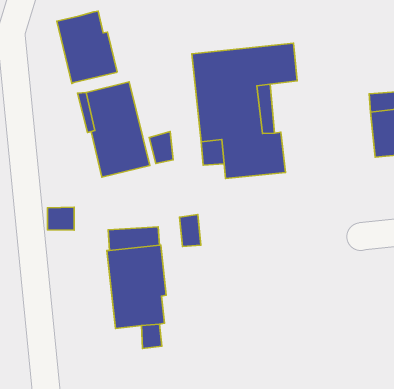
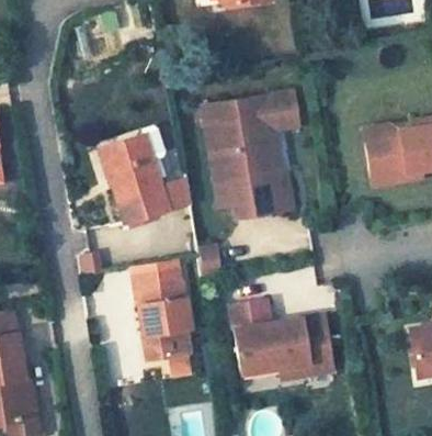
building: [57,11,117,83] -> none
building: none -> [230,303,332,383]

